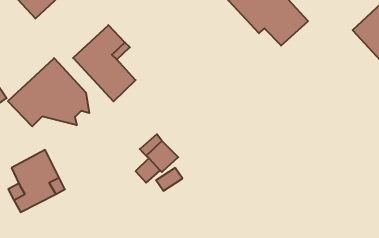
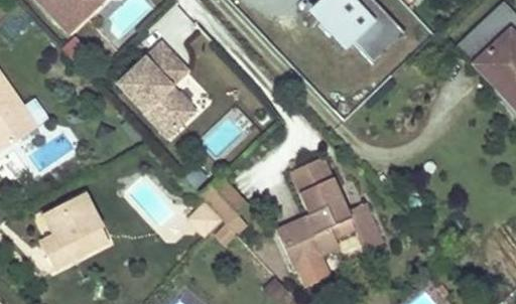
building: [8,58,89,126] -> none
building: none -> [278,158,381,288]

